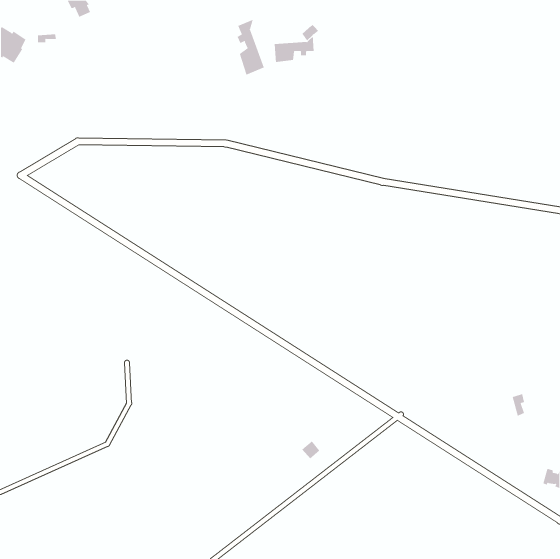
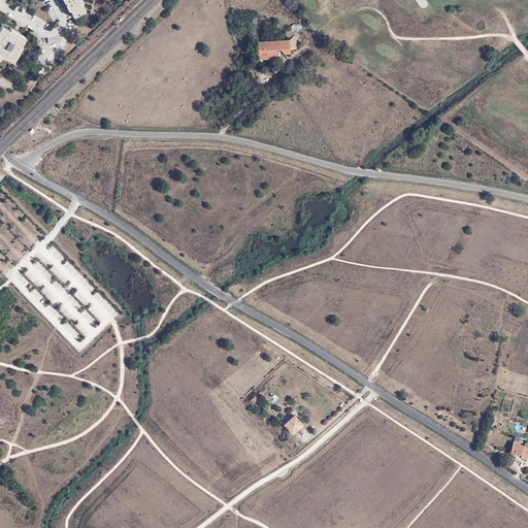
building: [237,19,264,76] -> none

